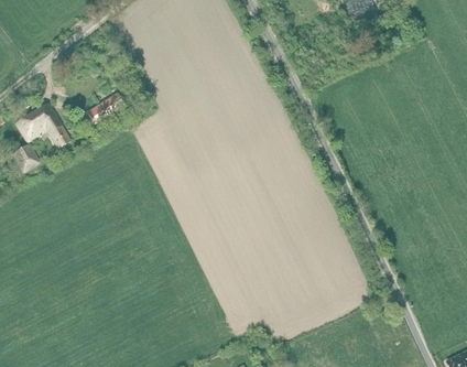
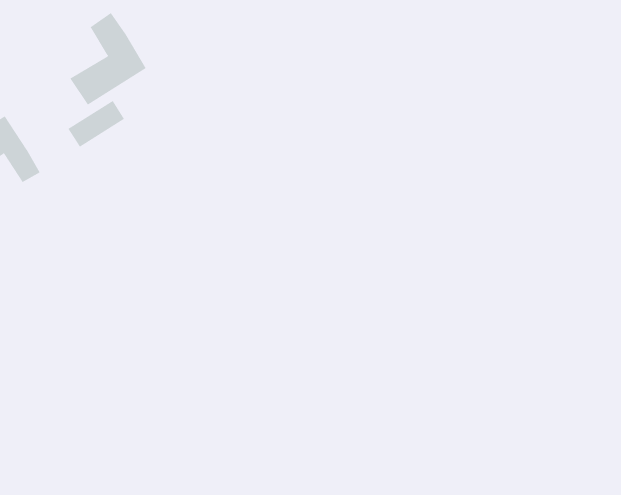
building: none -> [69,12,146,105]

